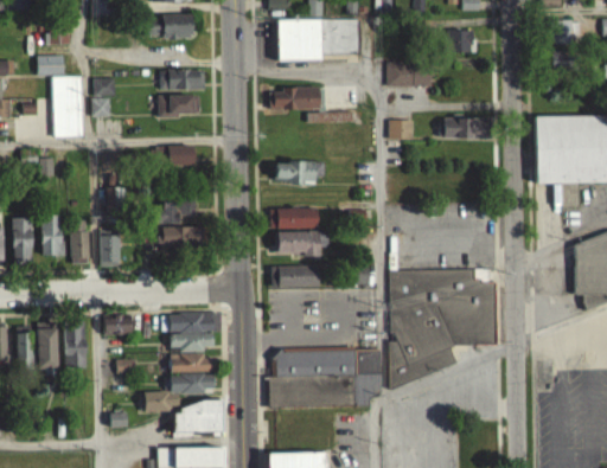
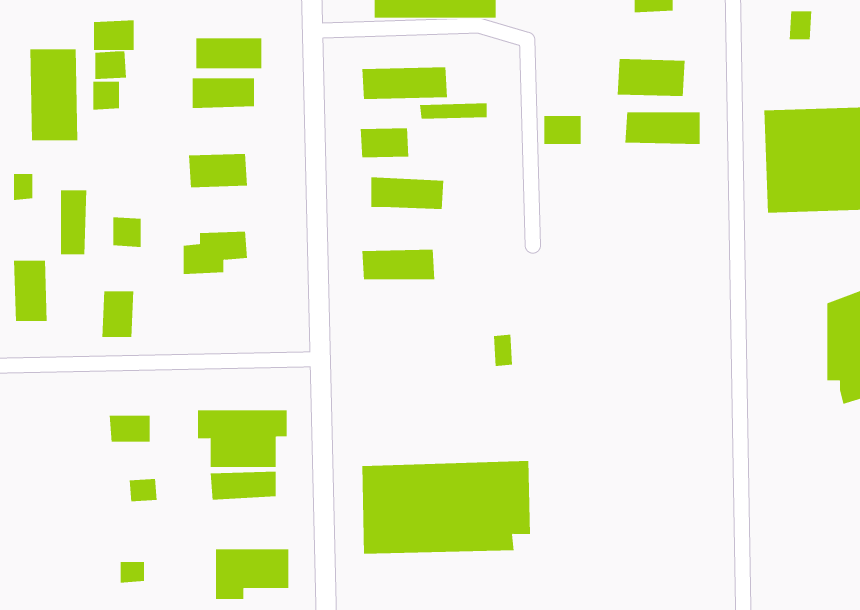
building: [38,55,65,75] -> [93,20,135,51]
building: [388,62,433,86] -> [617,59,685,97]
building: none -> [360,128,409,158]
building: [71,220,89,263] -> [60,190,87,255]
building: [160,226,200,248] -> none
building: [277,231,330,256] -> none
building: [271,265,320,287] -> none
building: [390,269,498,376] -> none
building: [38,321,58,368] -> none
building: [65,323,87,367] -> none
building: [146,373,215,411] -> none

